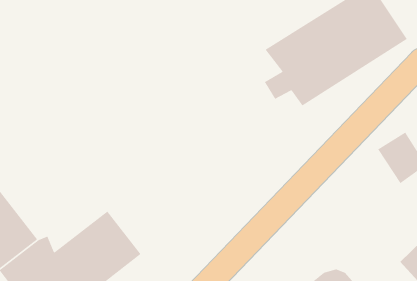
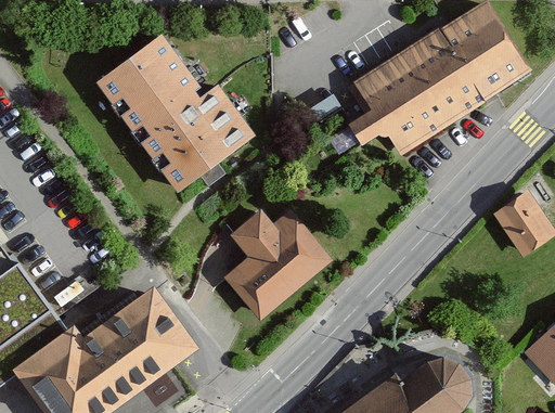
building: none -> [102,34,254,189]
building: none -> [225,208,330,318]

